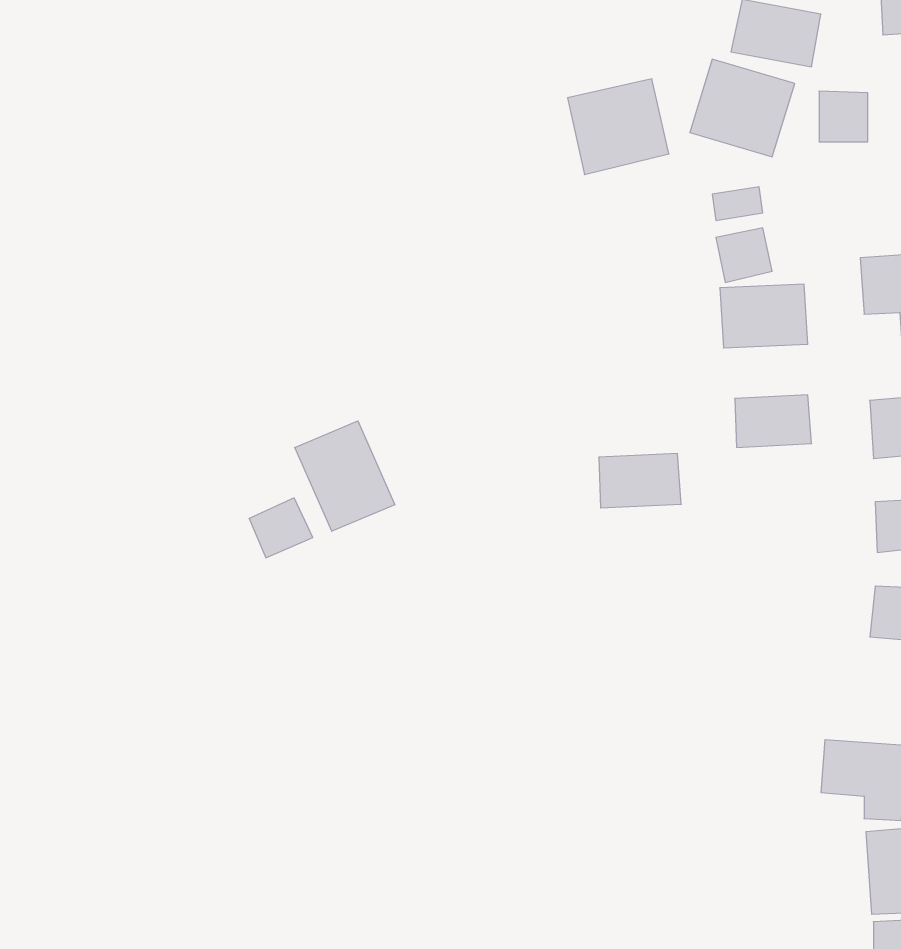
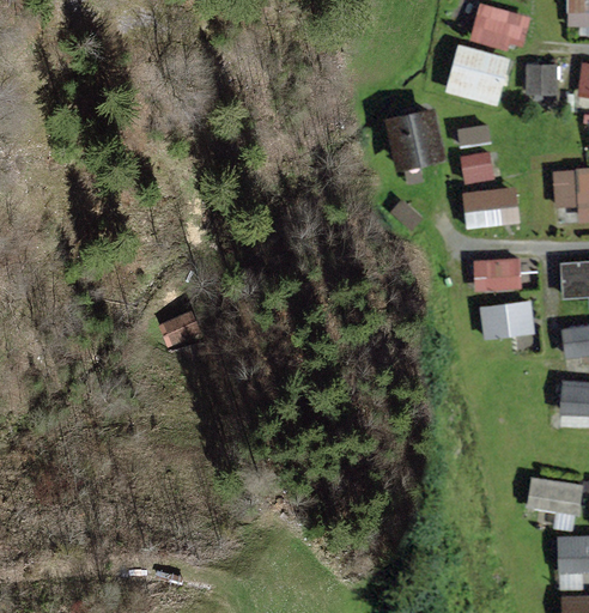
building: [568,79,669,175] -> [376,114,441,175]
building: [295,421,395,531] -> none
building: [599,454,681,508] -> [482,303,535,338]

